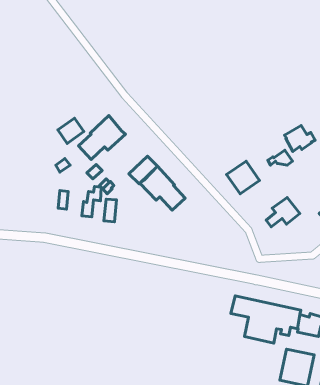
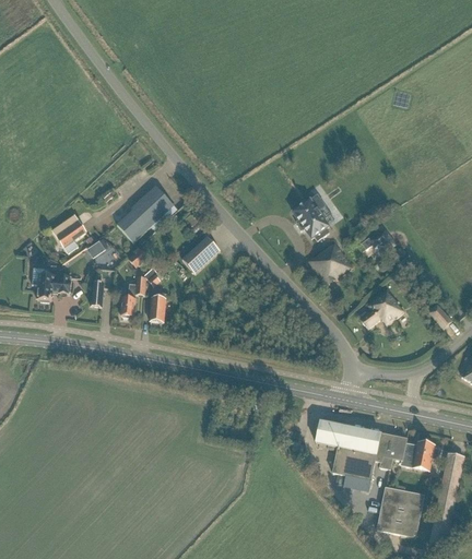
building: [58,118,84,143] -> [52,214,86,247]
building: none -> [293,194,329,240]
building: [285,126,315,151] -> none
building: [140,166,185,210] -> none
building: none -> [33,266,72,301]

